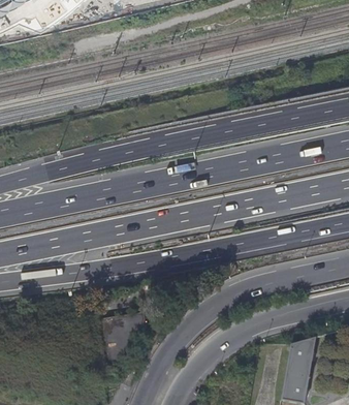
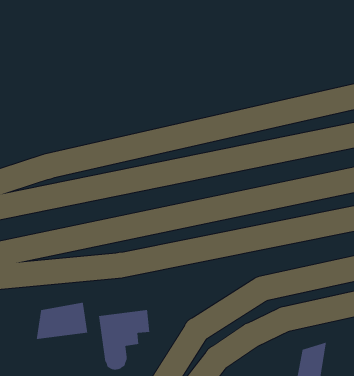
building: none -> [36,302,88,340]

